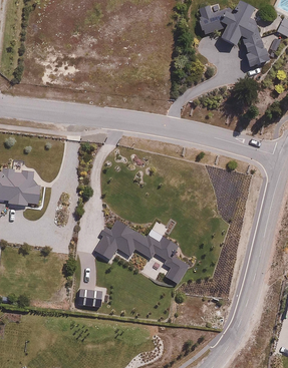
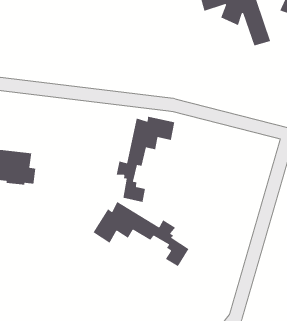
building: none -> [116,116,175,203]

